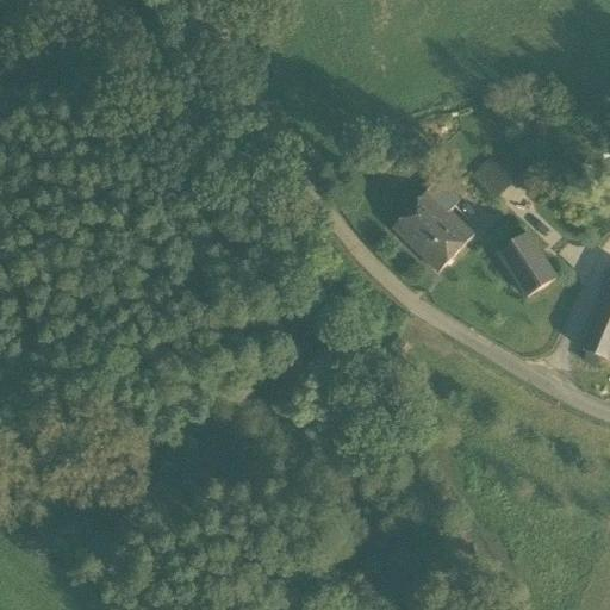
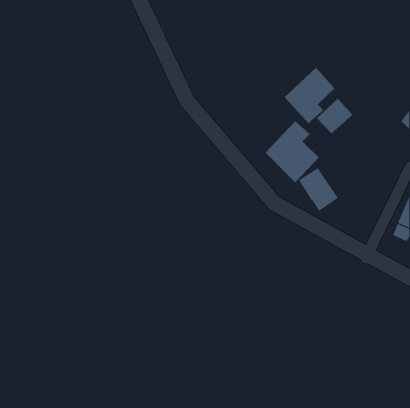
building: none -> [284,67,335,124]
building: [498,232,559,298] -> [298,167,339,212]

